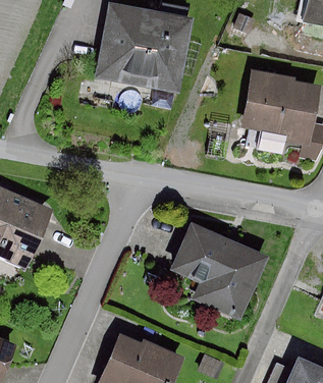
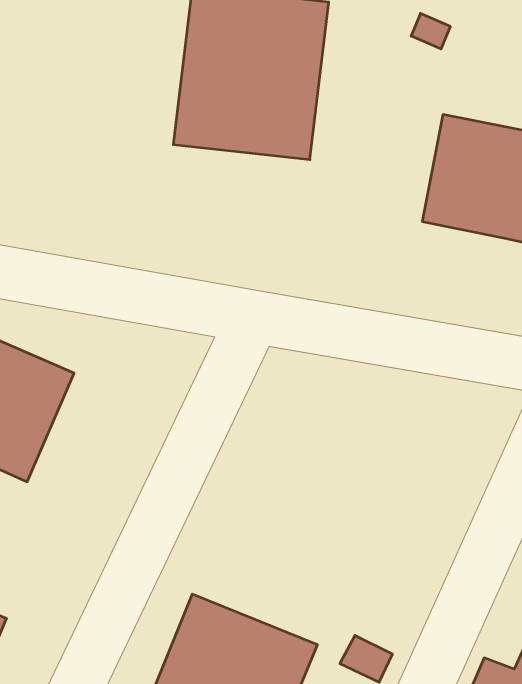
building: [169,222,268,318] -> none

